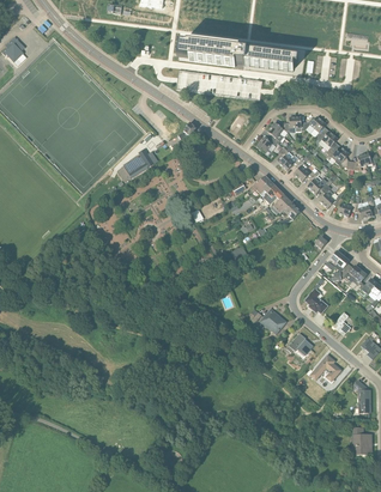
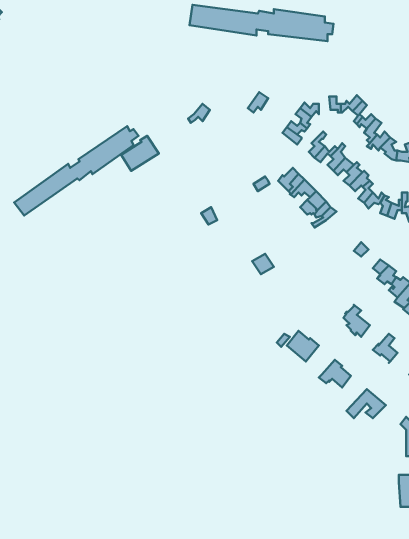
building: none -> [14,126,138,216]

